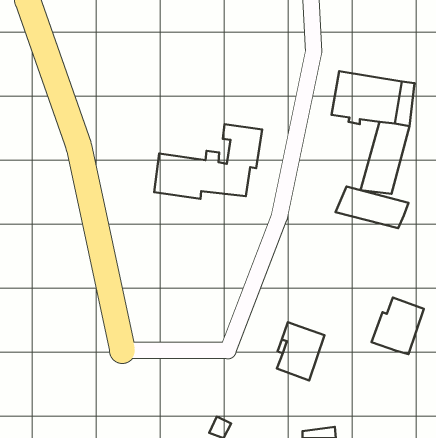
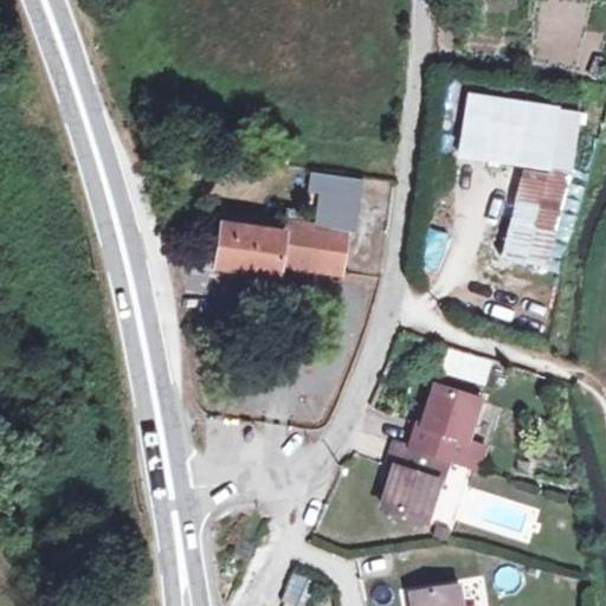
building: [335,187,408,228] -> none
building: [372,298,424,354] -> [414,389,486,468]

